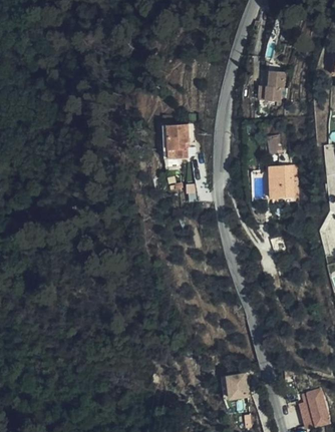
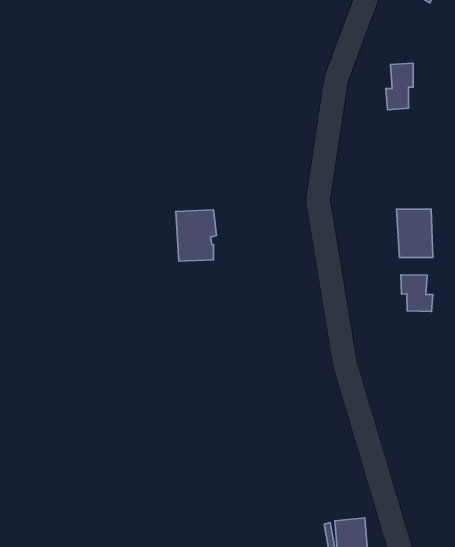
building: [162,125,190,159] -> [176,210,216,261]
building: none -> [401,275,433,311]

